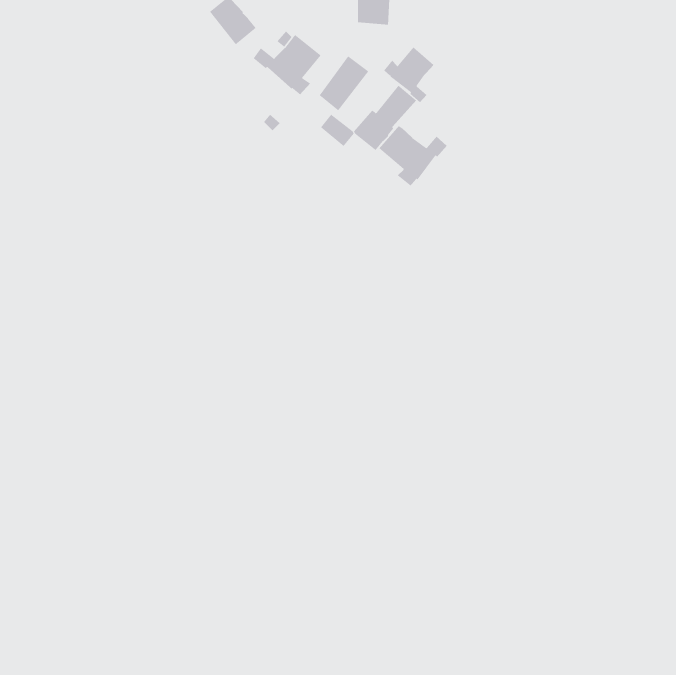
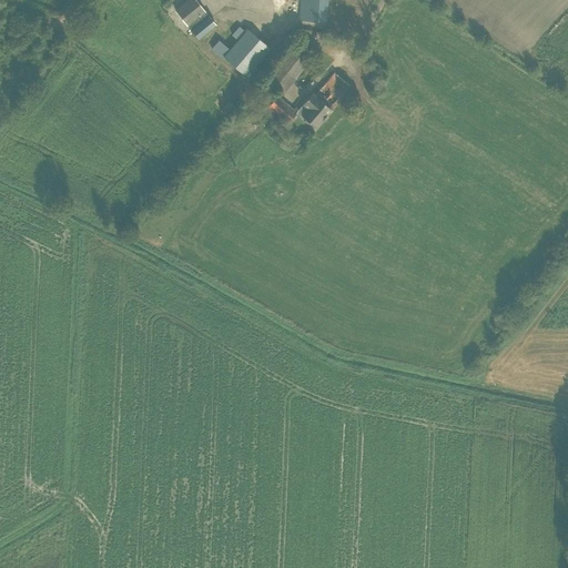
building: [384,46,434,103] -> none
building: [378,125,447,187] -> none

